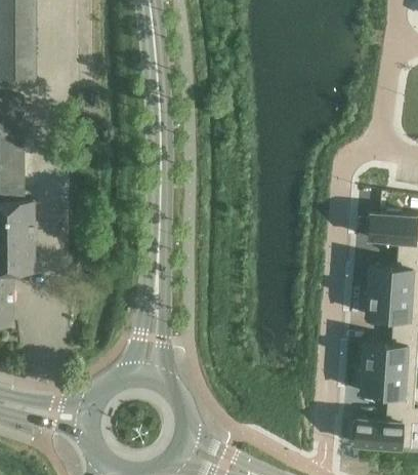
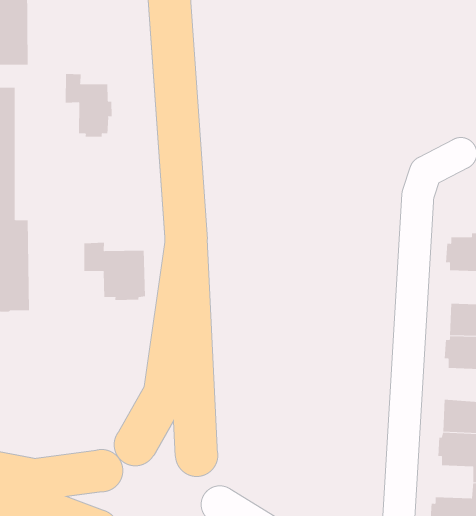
building: none -> [65,73,112,137]
building: none -> [84,242,145,301]

